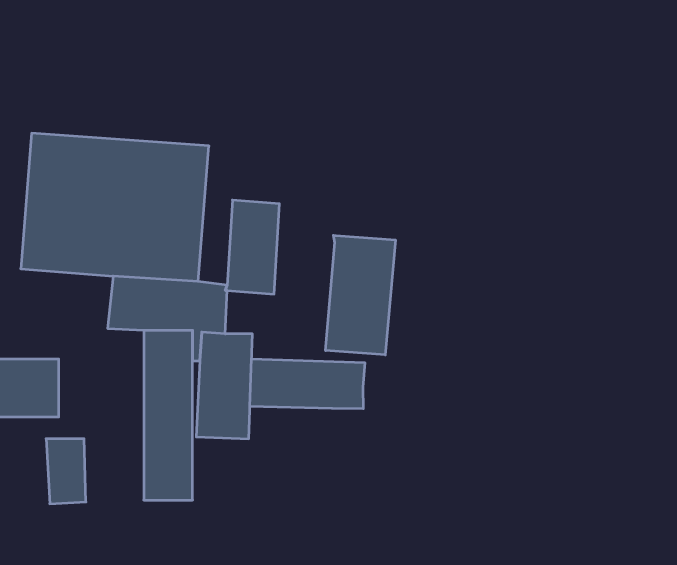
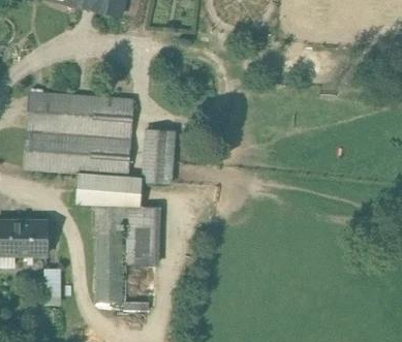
building: [326,235,395,355] -> none
building: [250,359,365,409] -> none

